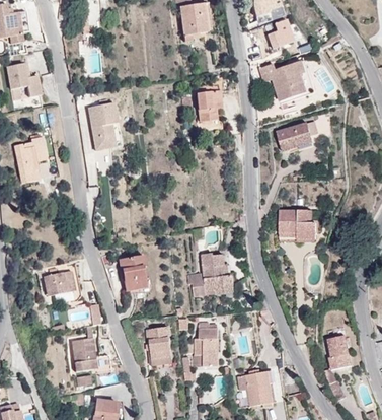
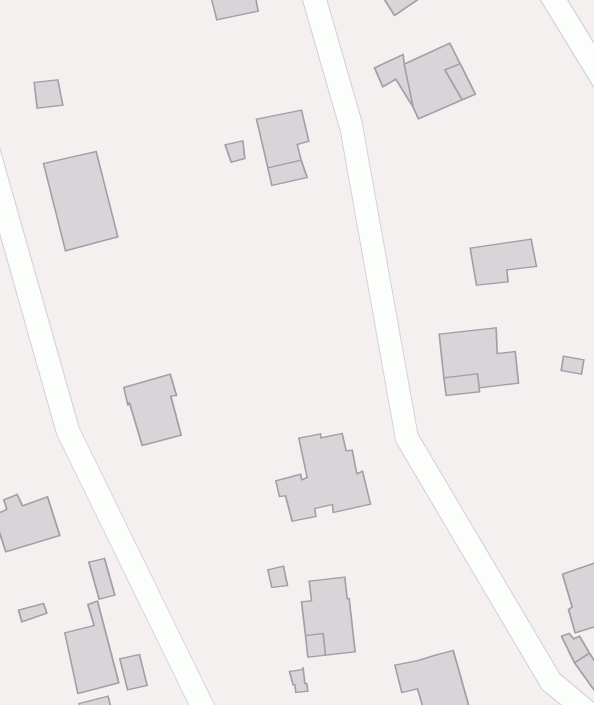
building: [281,128,313,148] -> [470,239,536,285]
building: [120,256,146,290] -> [124,374,181,445]
building: [146,327,173,365] -> none

